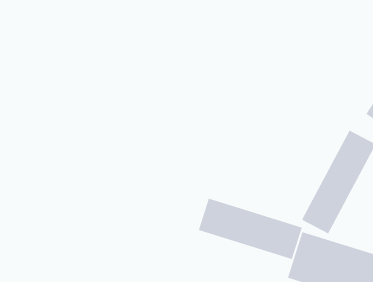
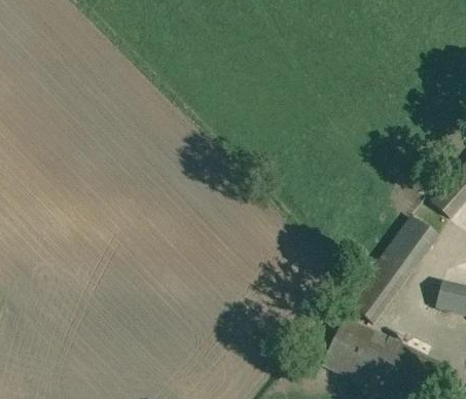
building: [198,198,302,260] -> none

